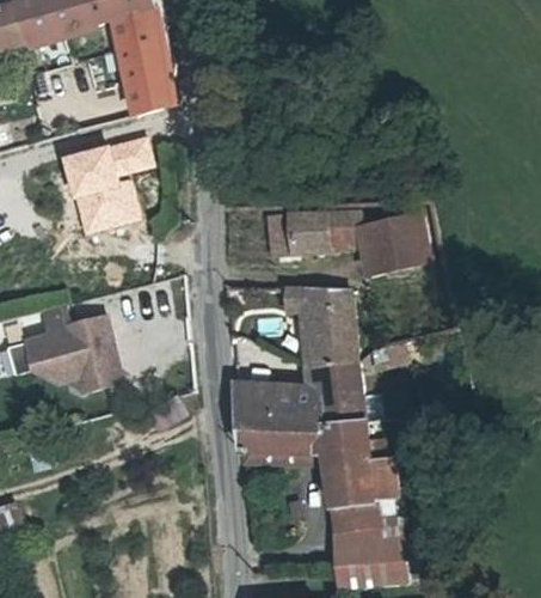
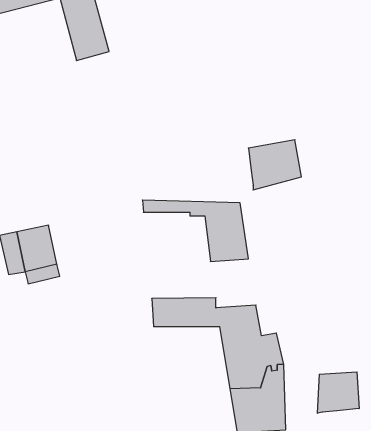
building: [53,133,146,228] -> none
building: [265,207,361,254] -> none
building: [229,361,367,425] -> none
building: none -> [317,372,359,413]

